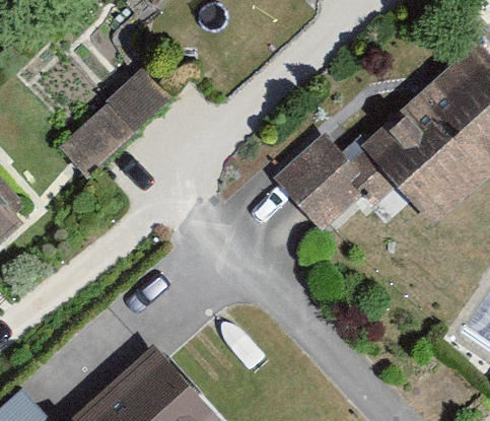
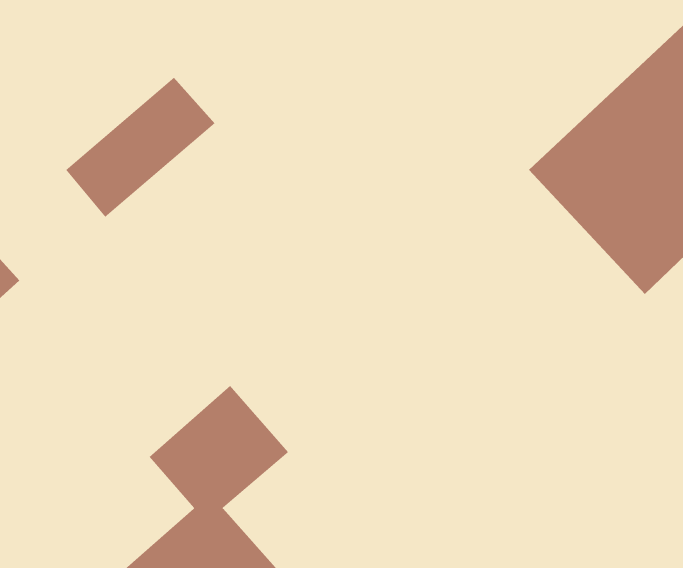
building: [274,137,361,223] -> none

